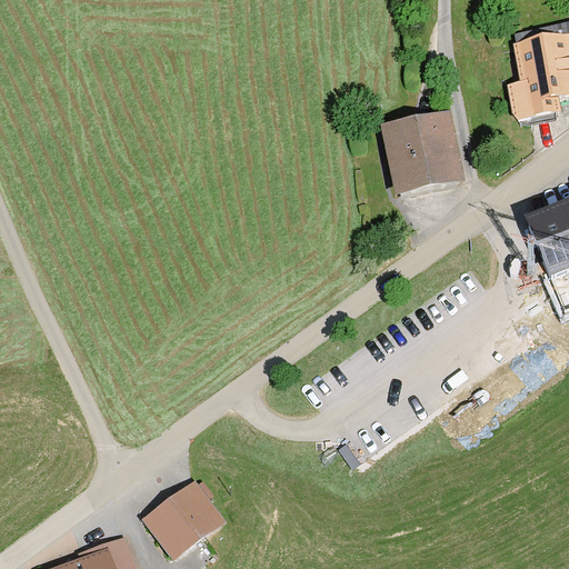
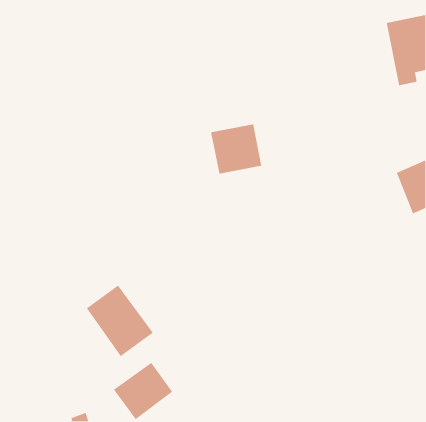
building: [387,119,456,187] -> [210,123,262,174]
building: none -> [86,284,154,357]

